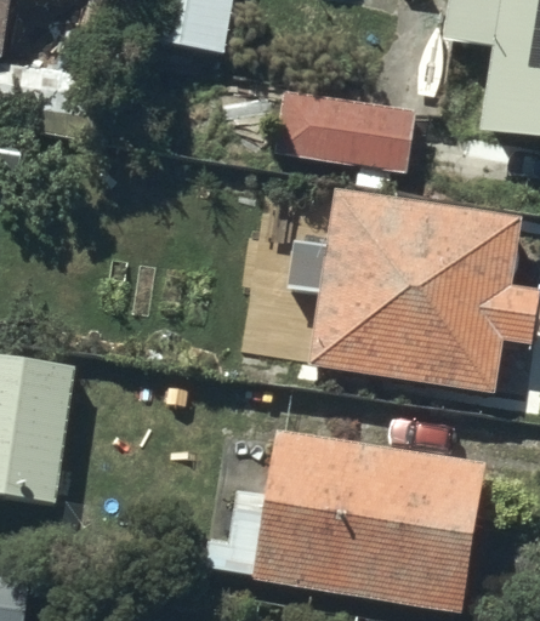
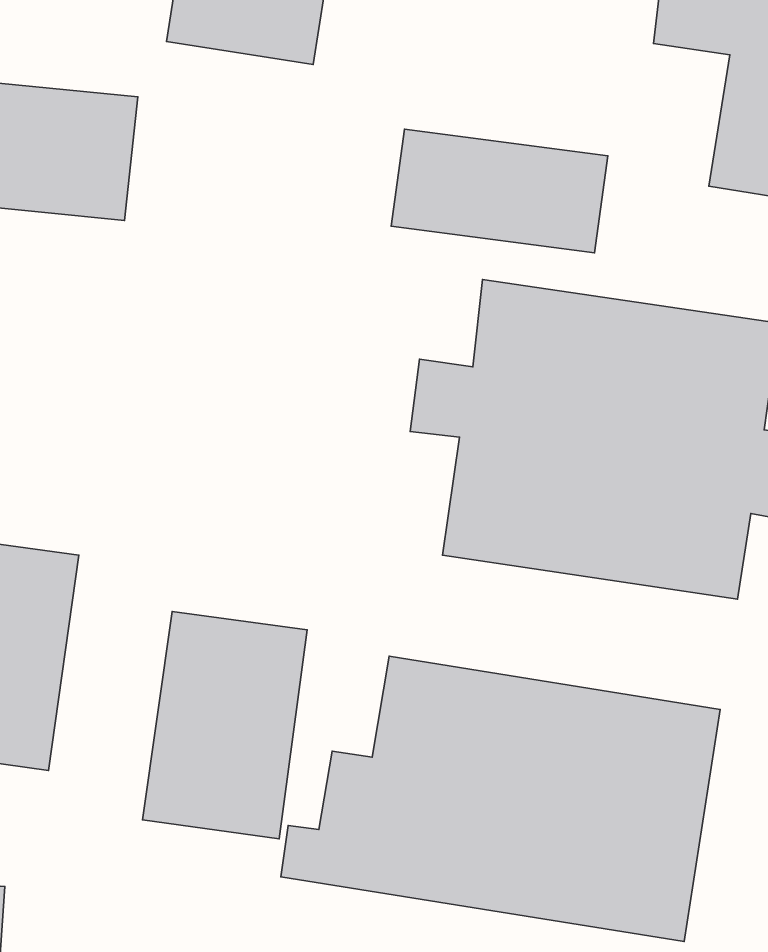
building: none -> [142,611,307,839]

